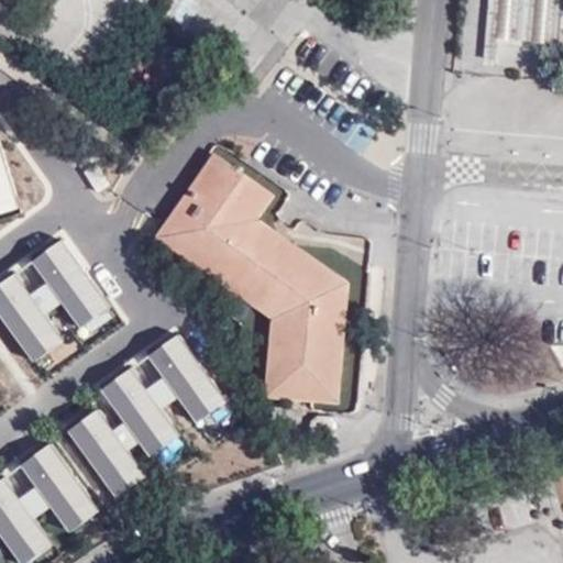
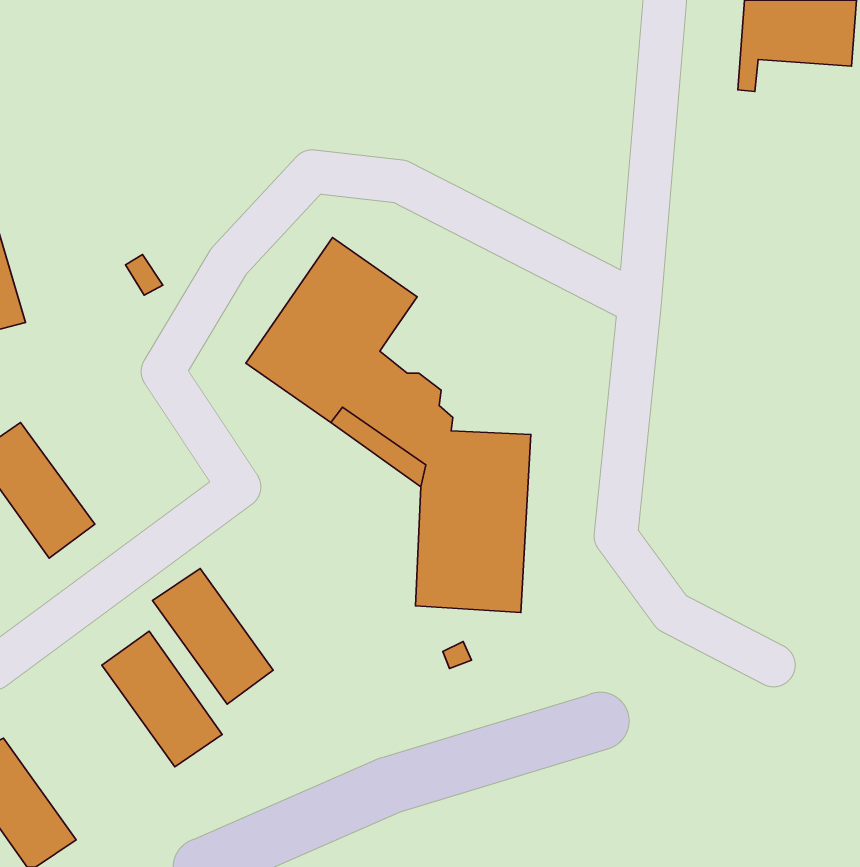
building: [246,218,344,282] -> none
building: [30,240,108,327] -> none
building: [146,334,224,422] -> none
building: [19,444,97,532] -> none

